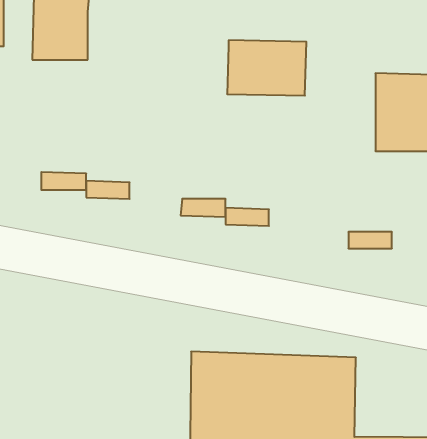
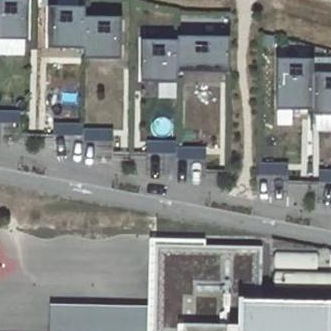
building: none -> [84,17,122,60]
building: none -> [140,40,178,83]

